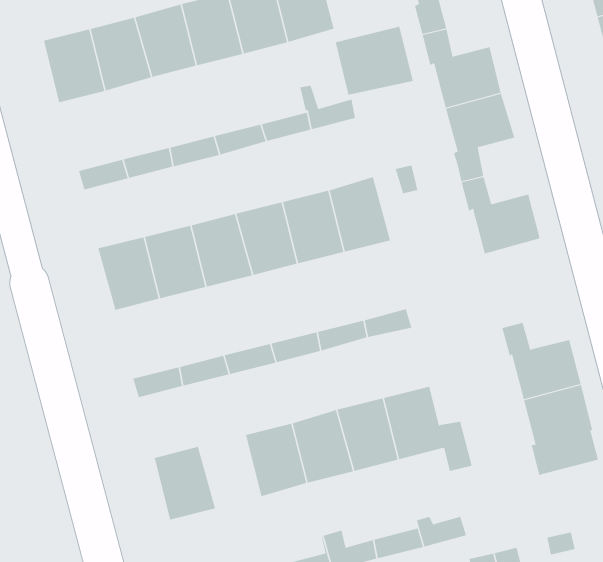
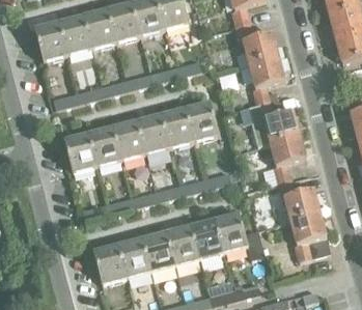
building: [335,26,414,95] -> none
building: none -> [263,134,306,185]
building: none -> [117,238,150,278]

